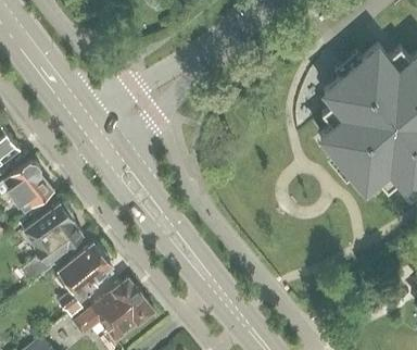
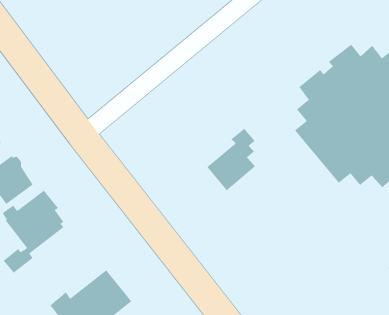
building: none -> [207,128,256,191]
building: [59,240,115,314] -> none

